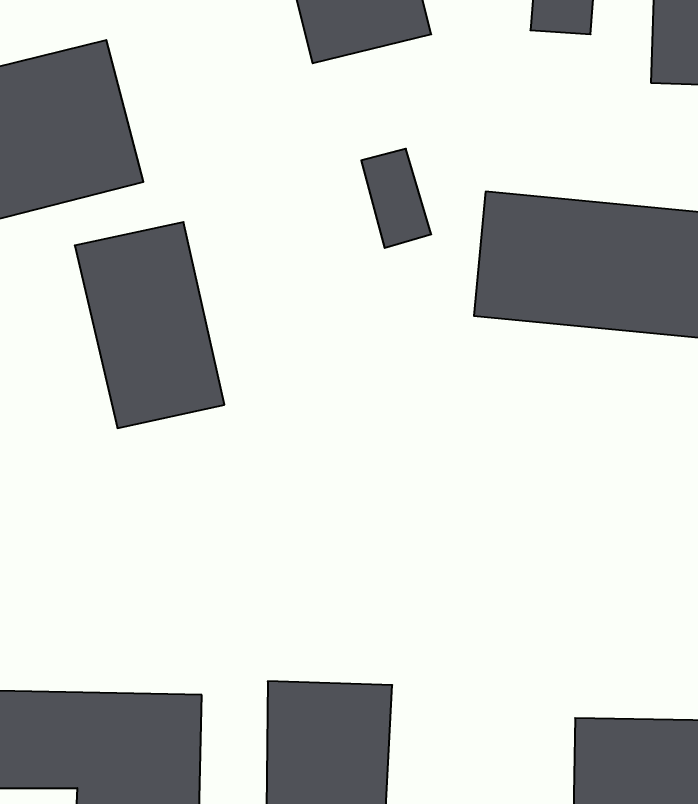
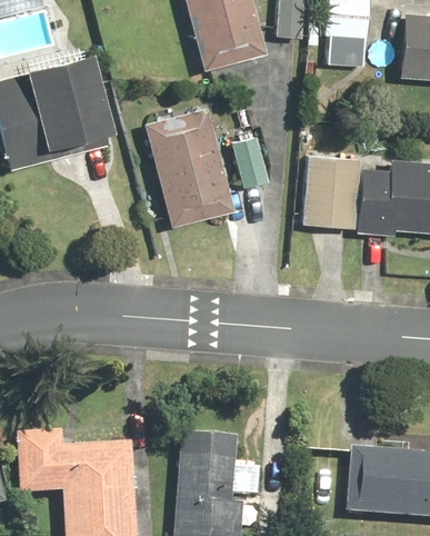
building: [75,222,224,428] -> [147,113,232,231]

